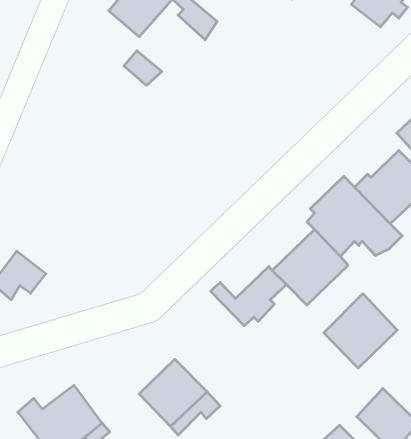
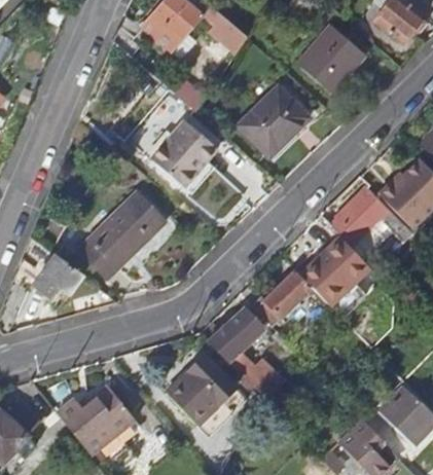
building: none -> [300,28,363,92]
building: none -> [240,87,310,156]
building: none -> [145,112,214,182]
building: none -> [78,192,165,279]
building: [324,294,397,368] -> none
building: none -> [209,307,266,389]

